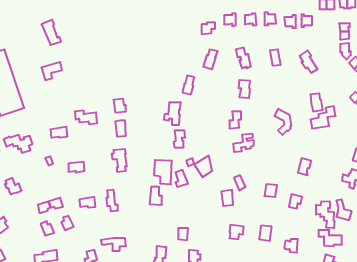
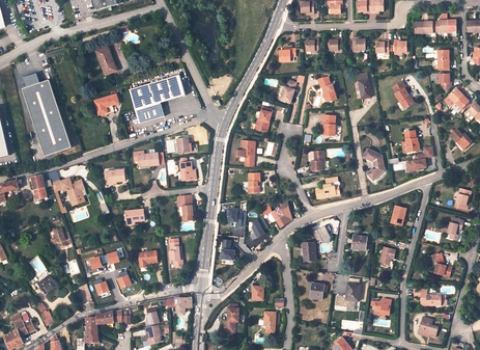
building: none -> [129,75,185,125]
building: [316,201,335,228] -> none

